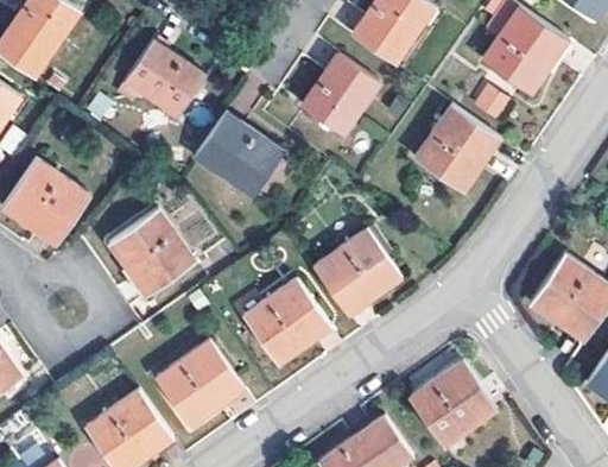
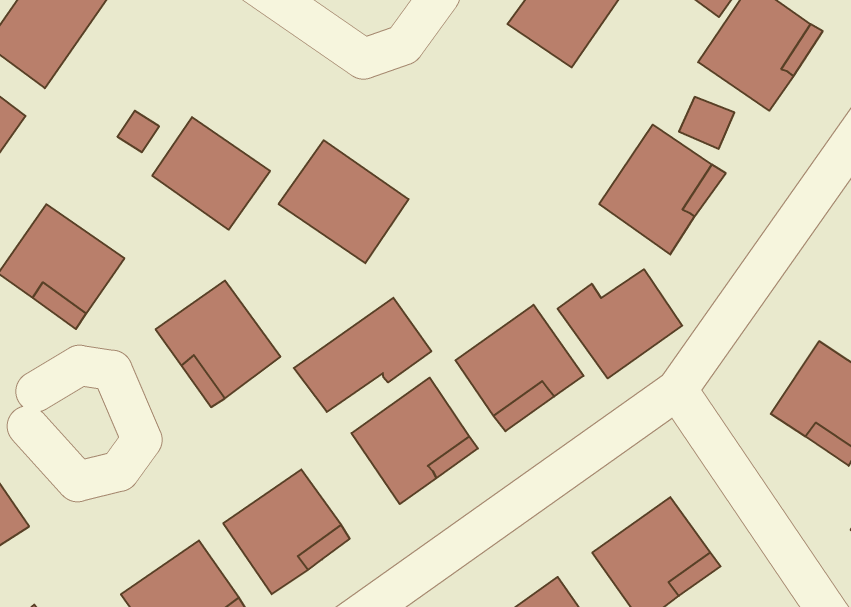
building: [125,40,205,118] -> [152,117,270,230]
building: [302,56,376,137] -> none
building: none -> [558,269,682,378]
building: none -> [294,298,431,412]

